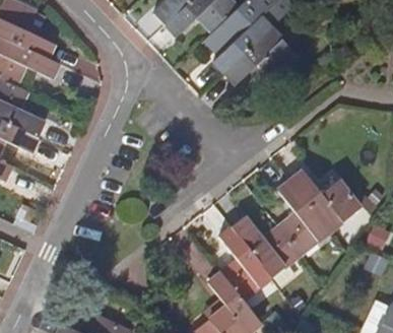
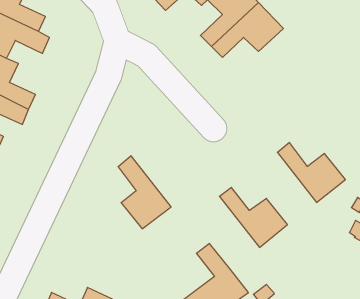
building: [277,180,330,253] -> none
building: [218,224,272,298] -> [118,156,171,229]

